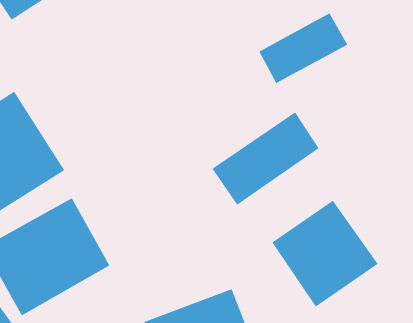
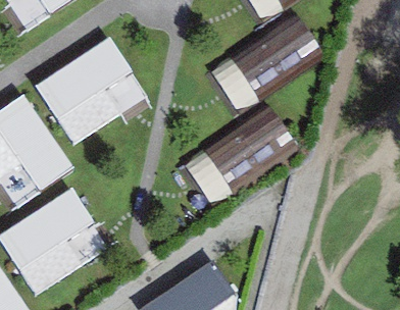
building: none -> [35,38,149,146]
building: [271,200,379,307] -> none

